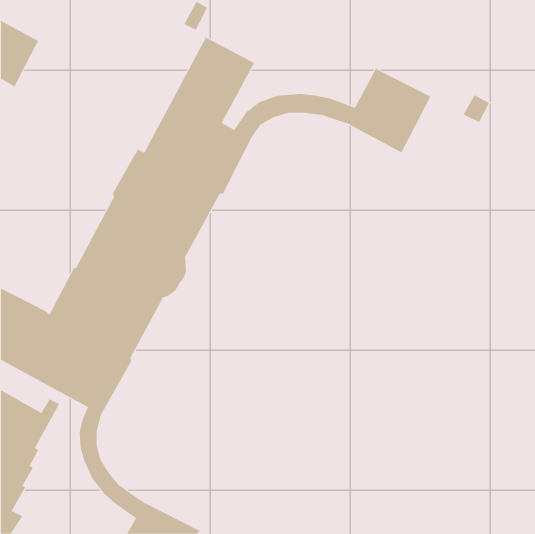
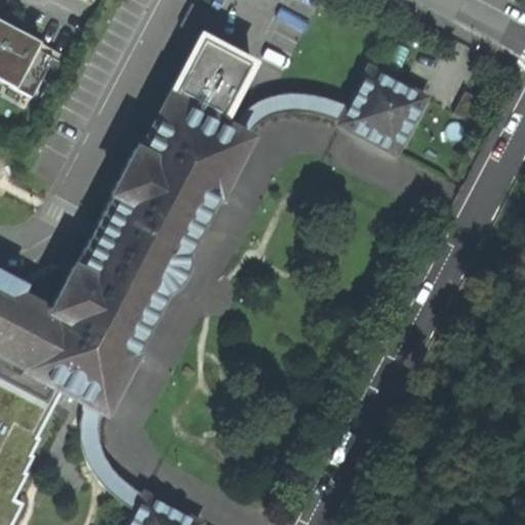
building: none -> [15,40,65,94]

